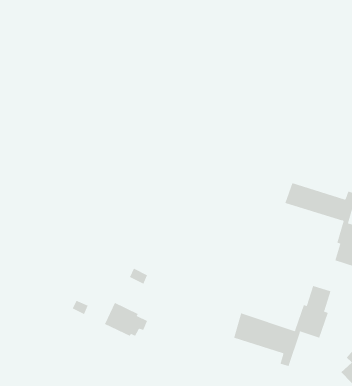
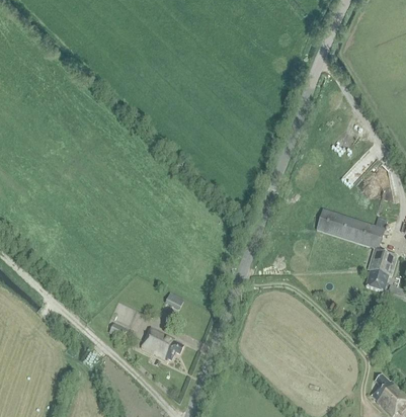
building: [234,285,331,367] -> none

